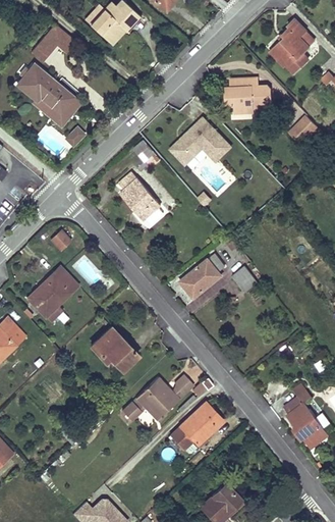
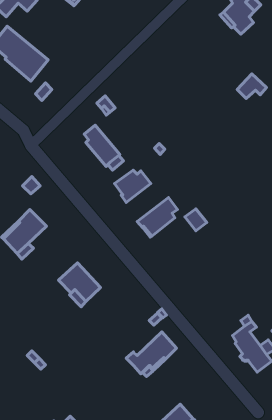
building: [224,79,272,112] -> none
building: [169,117,231,165] -> none
building: none -> [115,170,151,202]
building: [121,375,192,422] -> none

